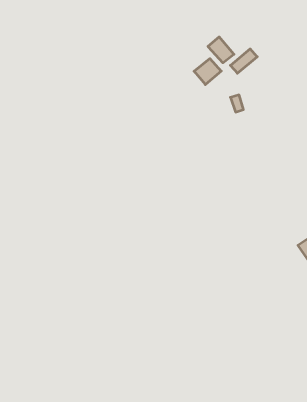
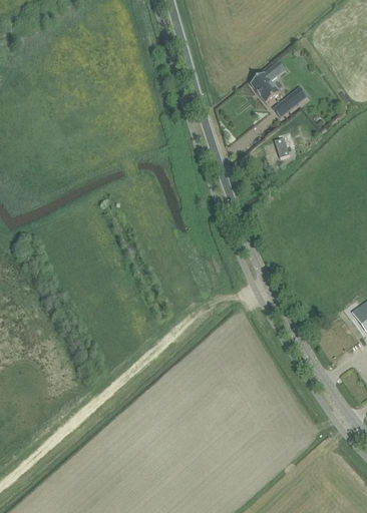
building: [194,59,221,85] -> none

